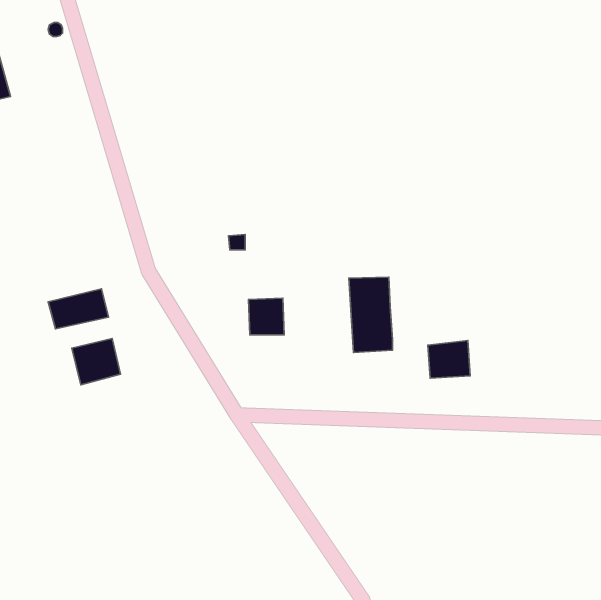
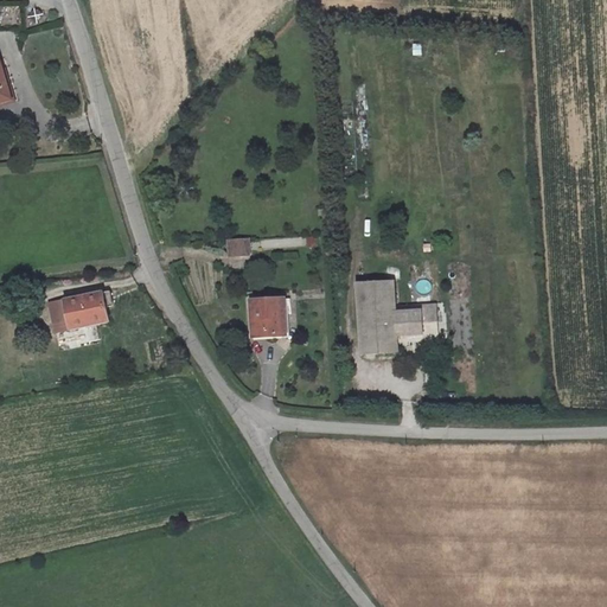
building: [72,338,121,385] -> none
building: [428,340,470,378] -> [392,304,435,341]

